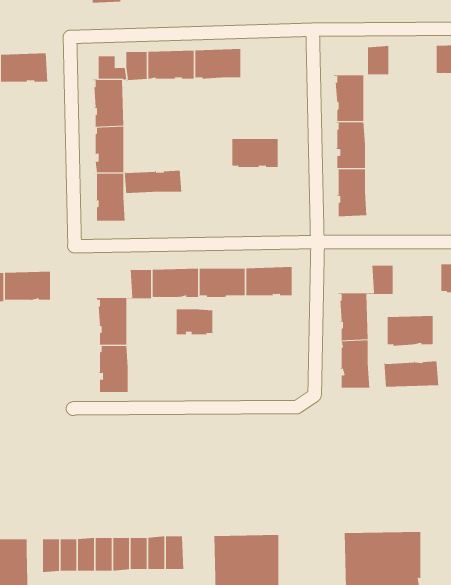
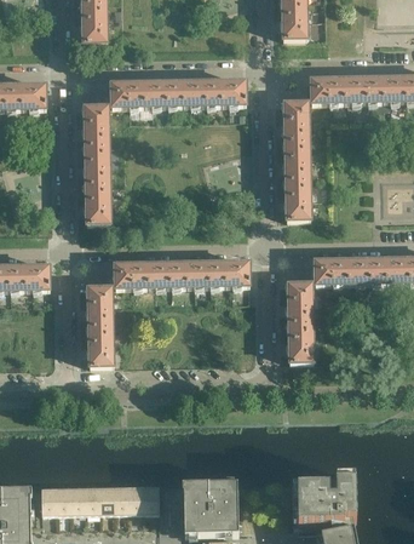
building: none -> [328,78,367,103]
building: [232,138,278,169] -> [206,80,245,105]
building: [124,170,182,194] -> none
building: [176,308,213,336] -> none
building: [387,315,434,346] -> [332,258,370,284]
building: [384,361,439,387] -> none

